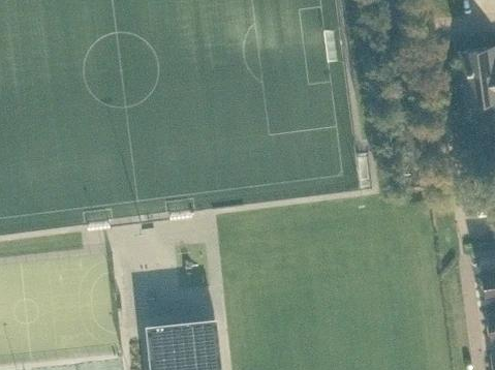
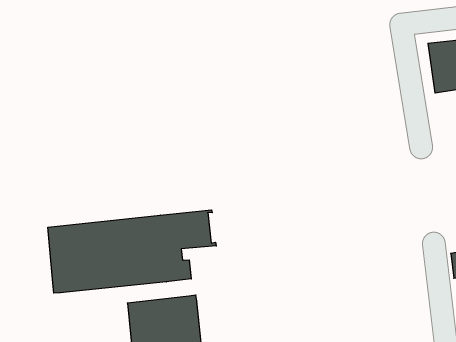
building: none -> [48,210,216,293]

